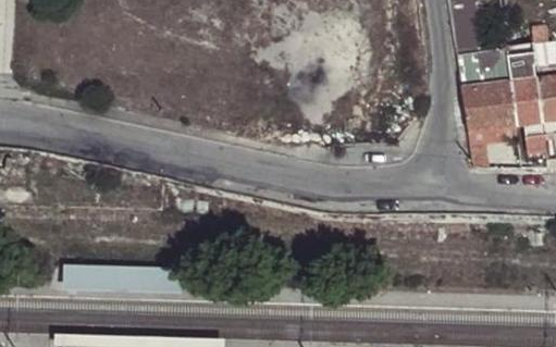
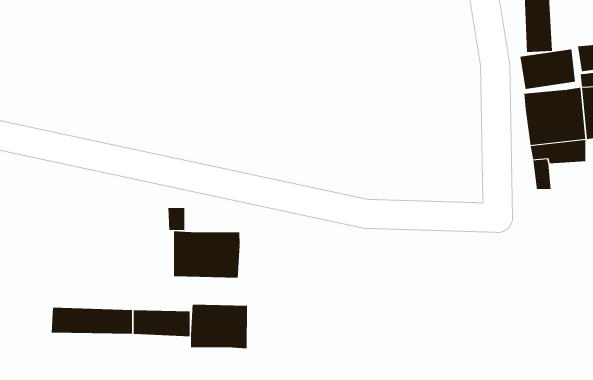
building: none -> [173,230,240,278]
building: none -> [190,304,247,349]

